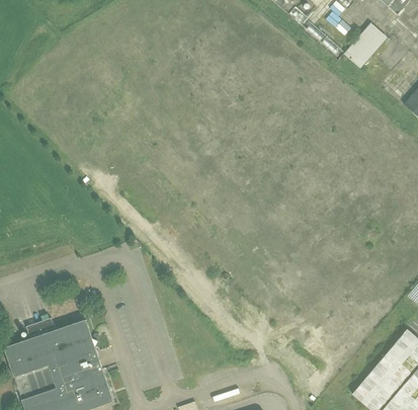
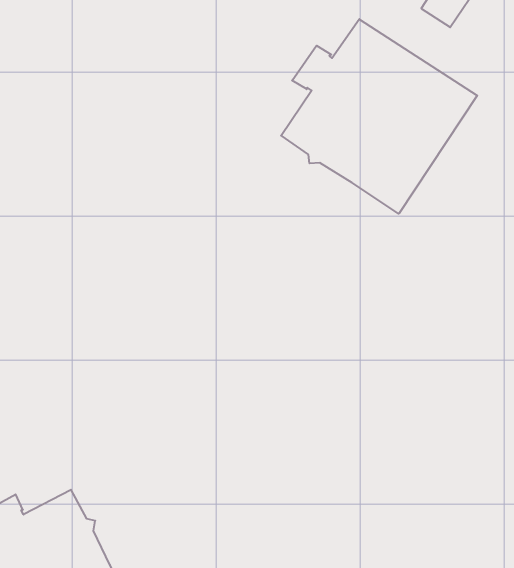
building: none -> [281,19,477,214]

